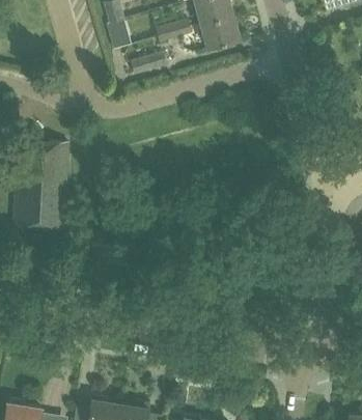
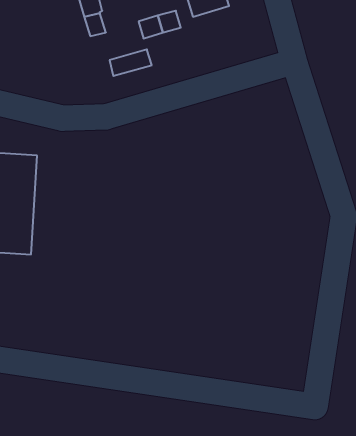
building: [202,16,241,50] -> none

